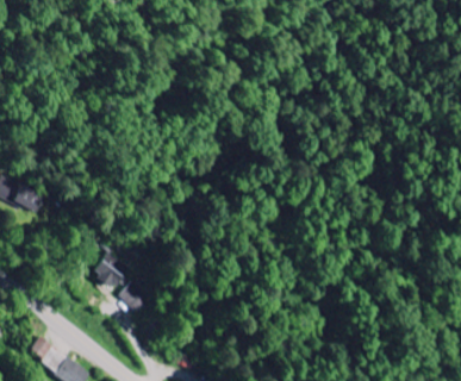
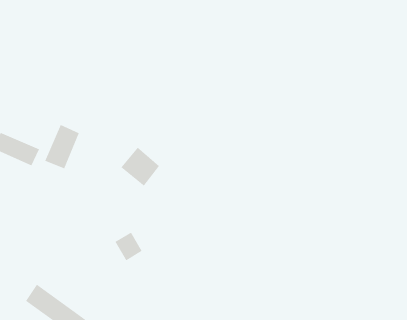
building: none -> [45,124,80,169]
building: [91,249,132,291] -> [120,147,160,186]

